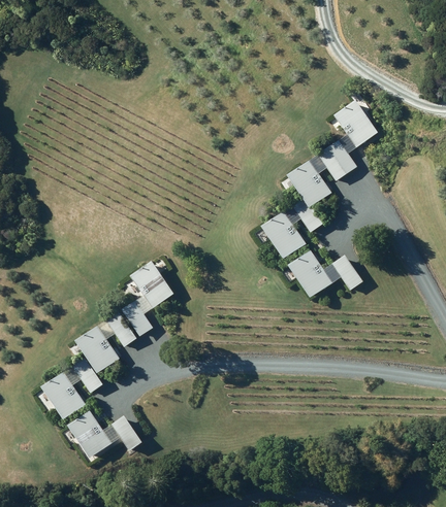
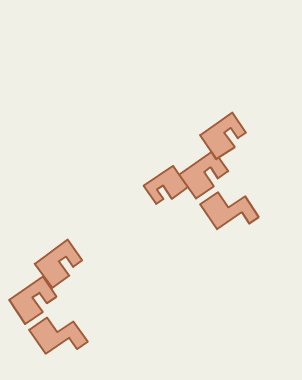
building: [328,100,378,174] -> none
building: none -> [144,166,188,204]
building: [121,262,173,336] -> none

